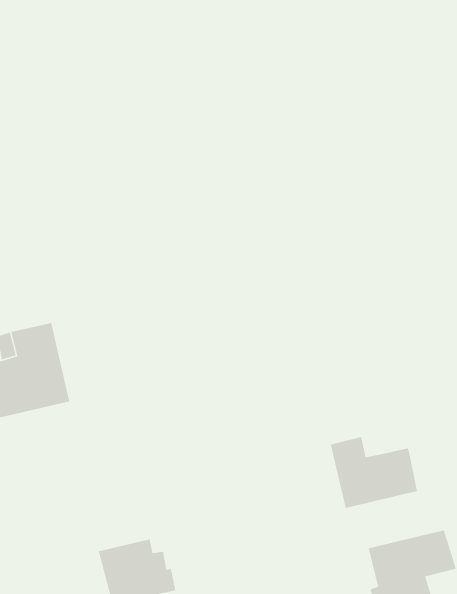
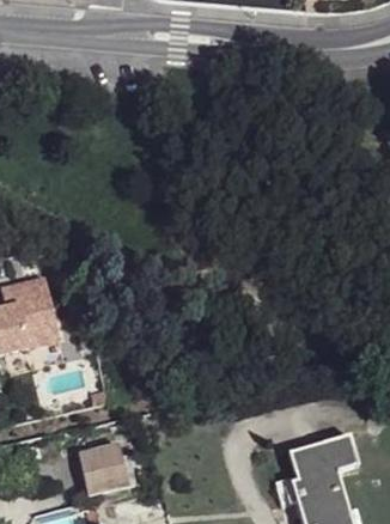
building: [330,436,418,509] -> none

